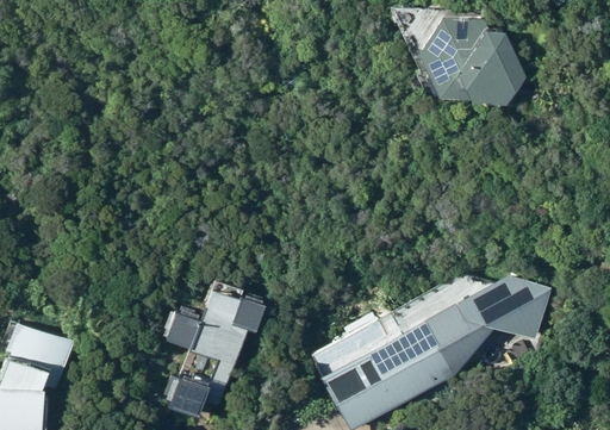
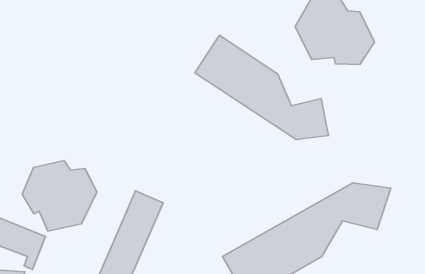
building: none -> [195,35,328,139]
building: none -> [22,161,97,231]

